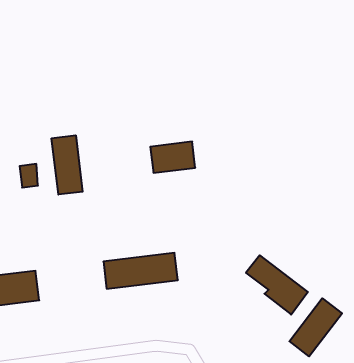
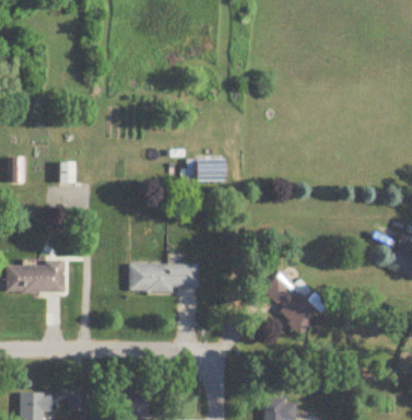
building: [52,135,83,195] -> none
building: [289,298,342,356] -> none

